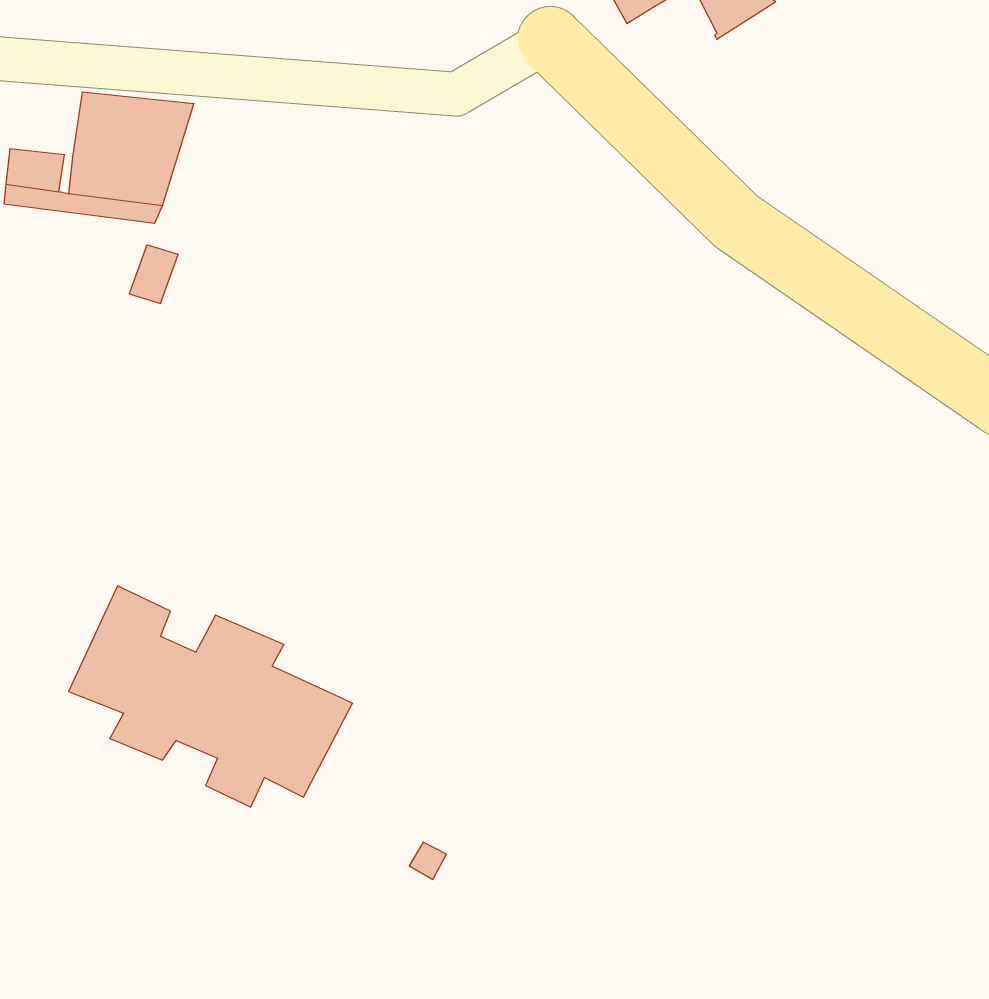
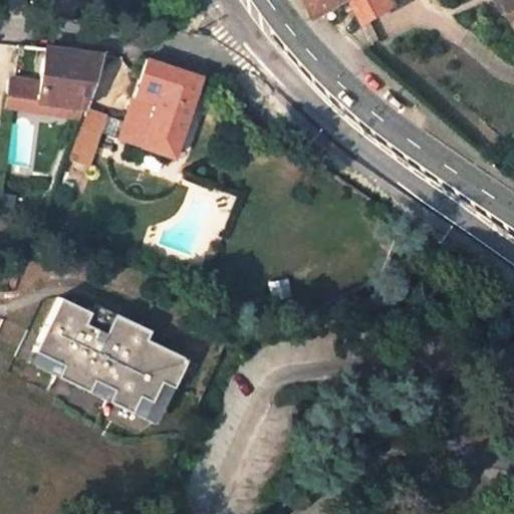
building: none -> [123,59,204,158]

